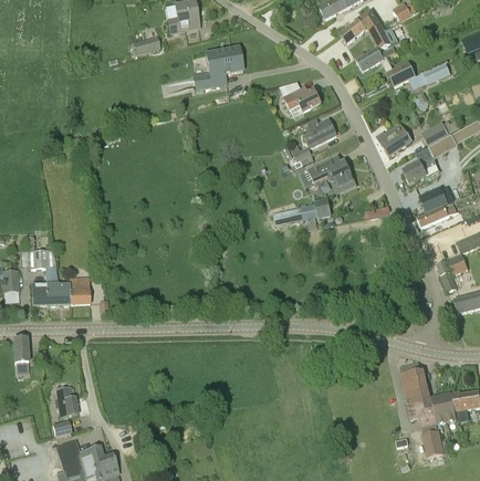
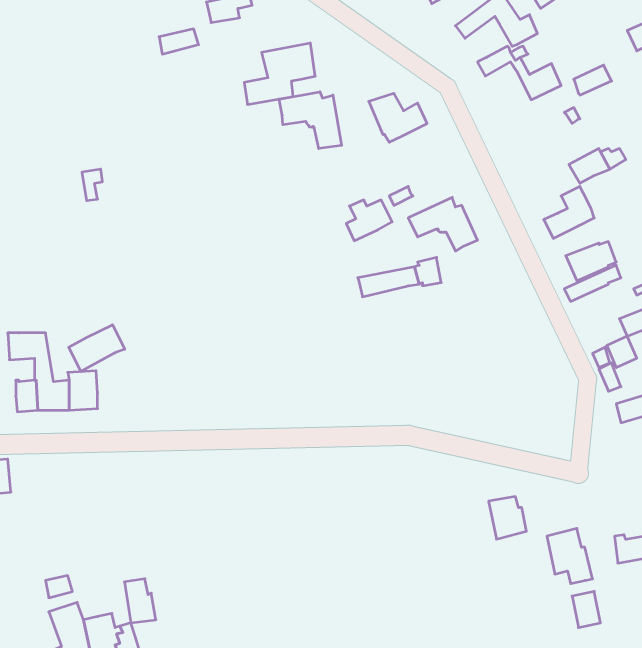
building: none -> [279,92,342,149]
building: [304,119,336,148] -> [346,200,392,241]
building: [376,124,413,157] -> none
building: none -> [69,325,125,372]
building: [399,364,426,394] -> [489,497,526,539]
building: [55,387,77,418] -> [124,579,156,623]
building: [431,394,457,424] -> none

